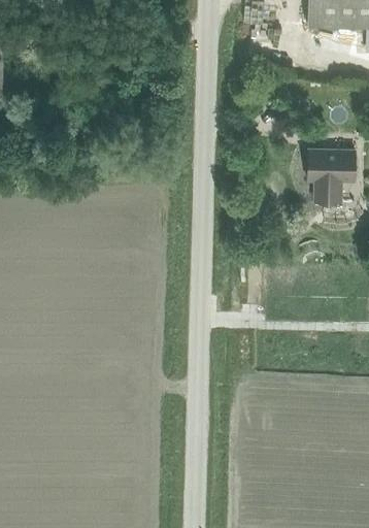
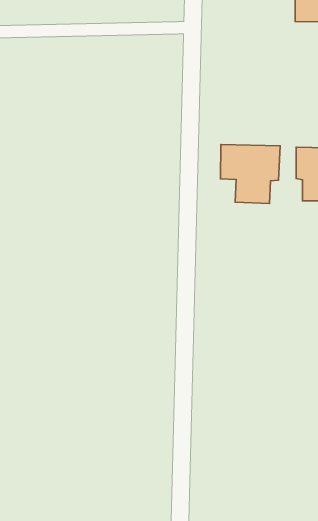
building: none -> [220,145,280,204]

